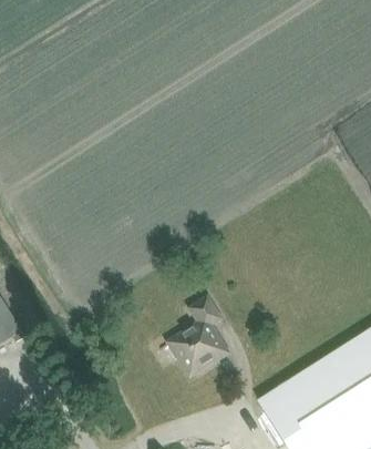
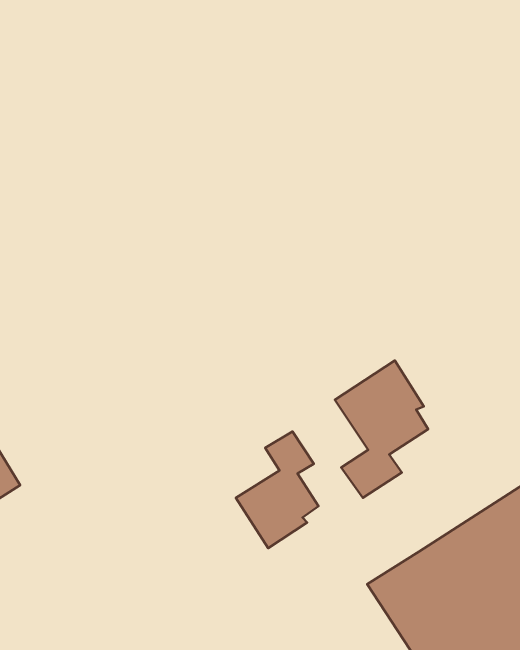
building: none -> [335,361,428,498]

